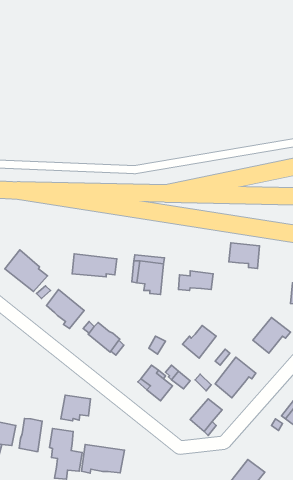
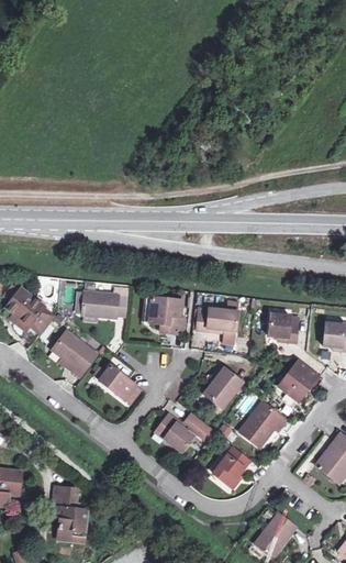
building: [229,243,260,269] -> [264,314,298,343]
building: [61,395,91,421] -> none
building: [19,419,42,451] -> none
building: [82,445,124,473] -> none

